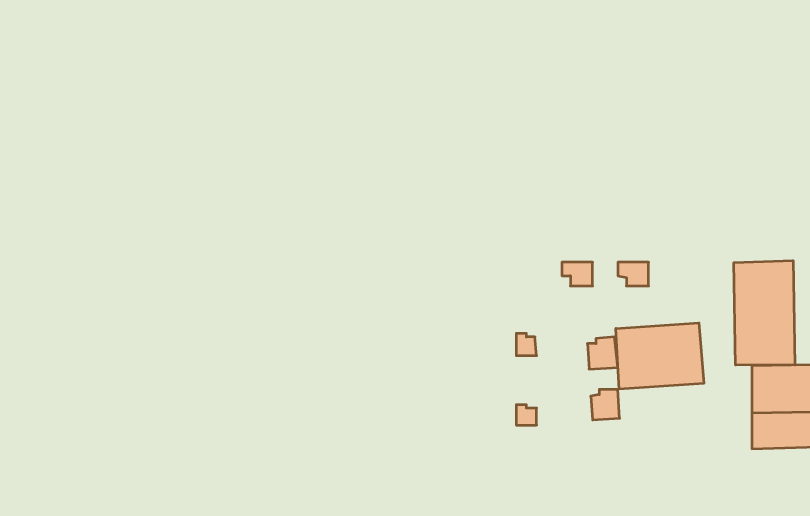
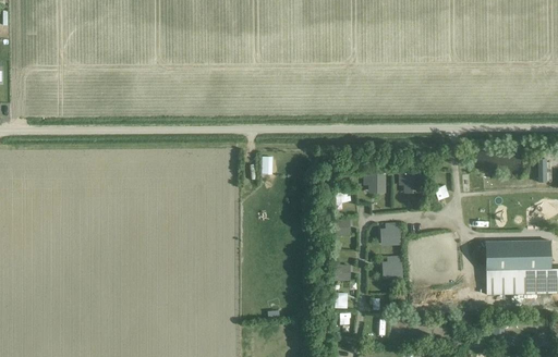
building: [734,261,795,365] -> none
building: [616,323,704,389] -> none

